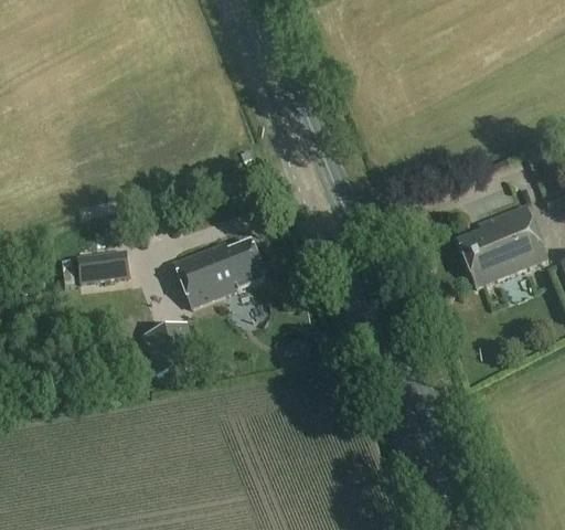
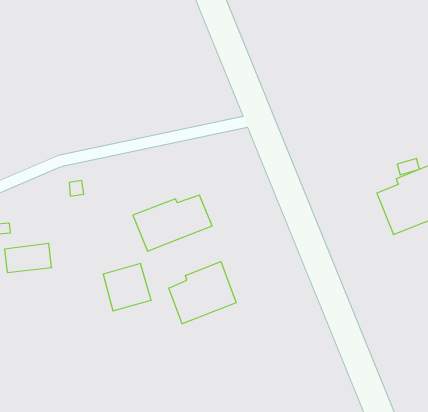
building: [75,247,129,280] -> [4,243,52,272]
building: none -> [169,262,236,324]

